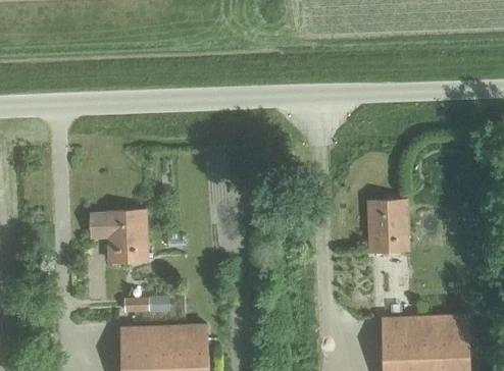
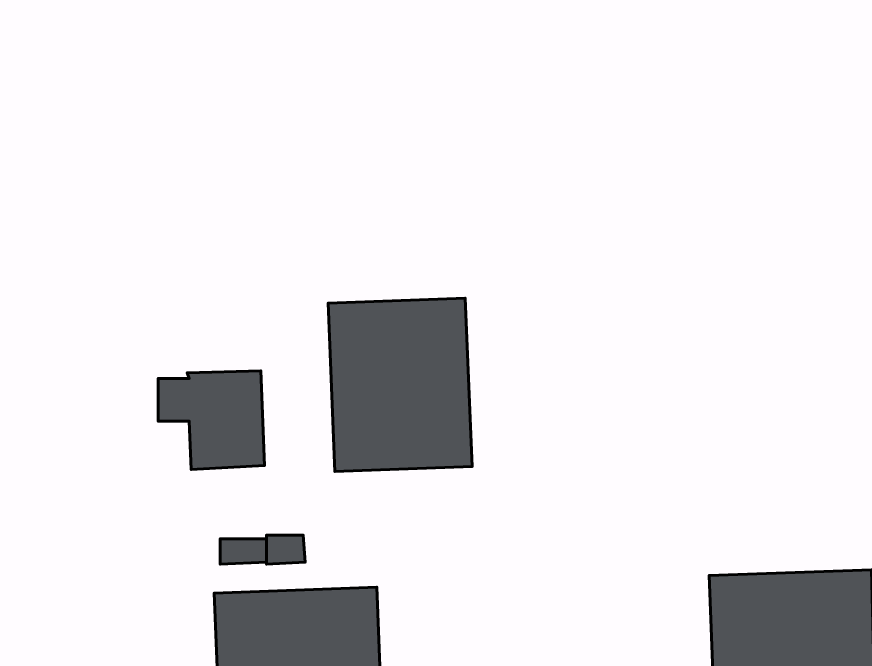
building: none -> [328,298,472,472]
building: [367,200,407,251] -> none

